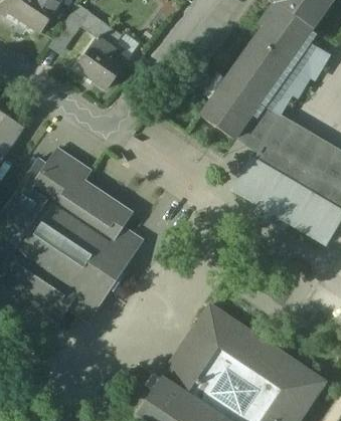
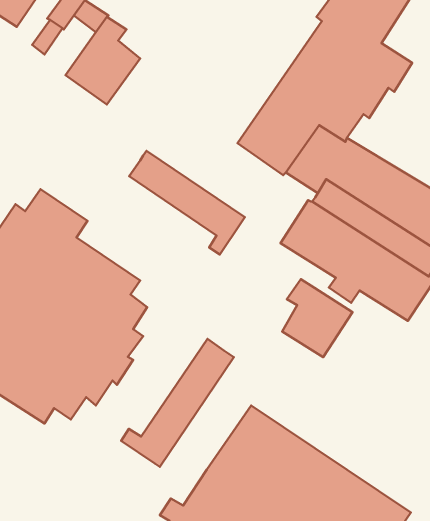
building: none -> [129,151,245,255]
building: none -> [282,279,352,357]
building: none -> [121,339,234,467]

